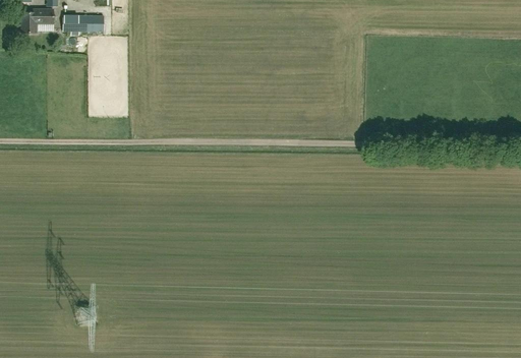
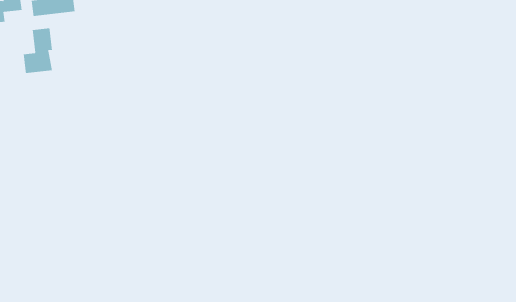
building: none -> [23,28,53,74]

